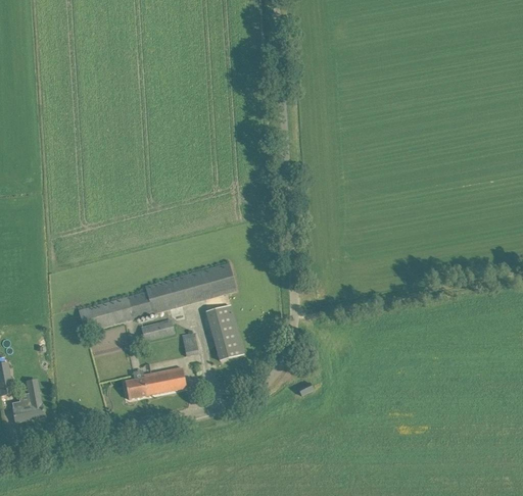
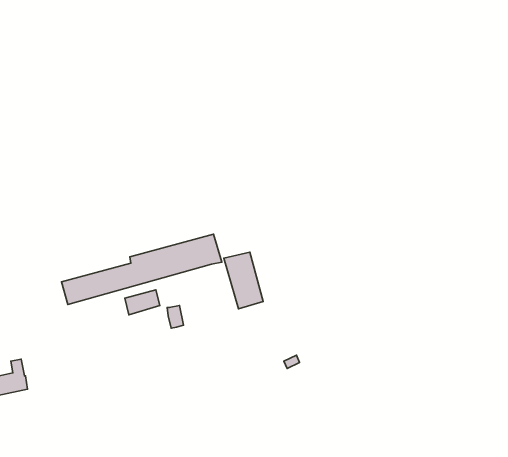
building: [204,304,243,360] -> [224,252,263,309]
building: [125,366,186,398] -> none

